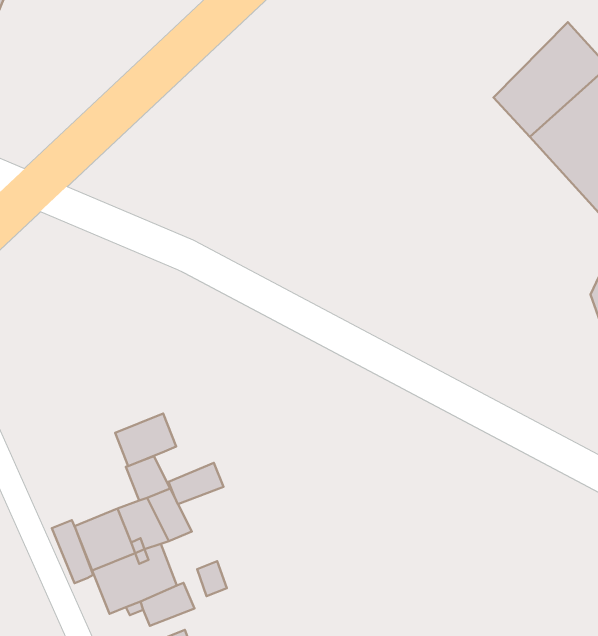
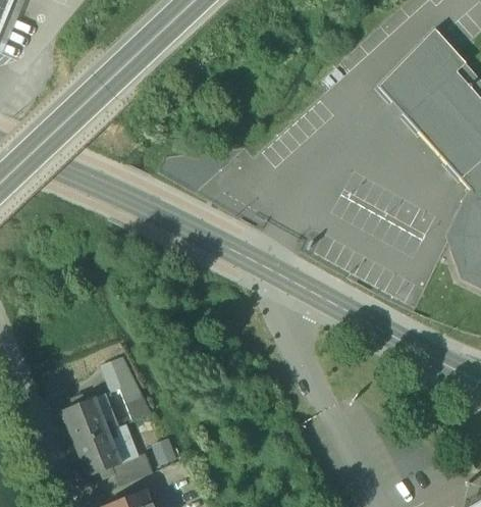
building: [115,413,176,466] -> none
building: [168,463,223,504] -> none
building: [52,520,93,583] -> none

